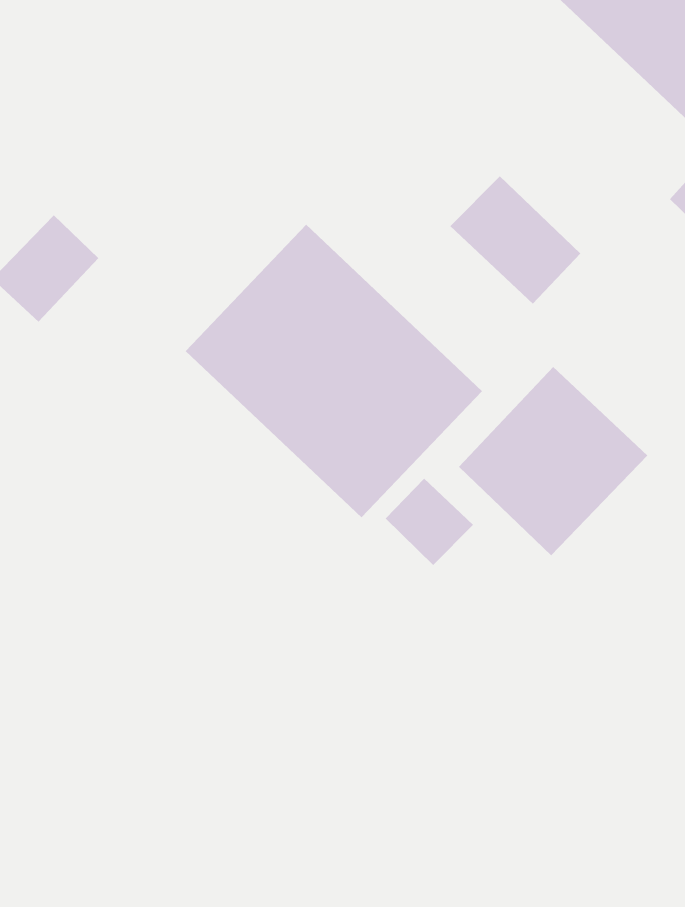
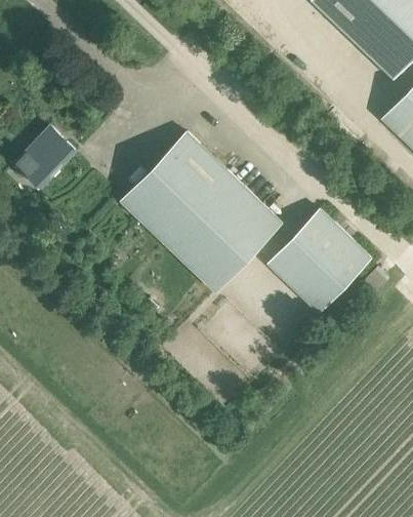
building: [449,175,581,304] -> none
building: [385,478,474,566] -> none

